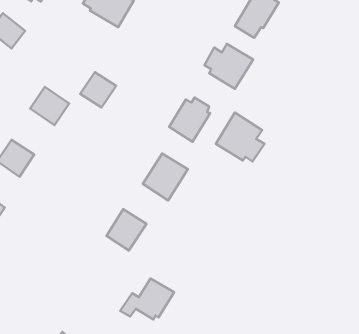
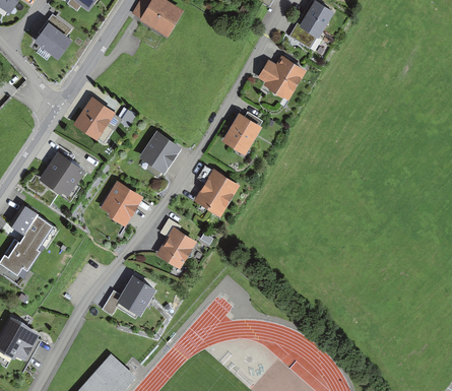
building: [80,72,116,107] -> [141,132,179,169]
building: [216,112,265,162] -> none
building: none -> [100,180,143,226]
building: [120,278,174,320] -> [101,275,156,318]

